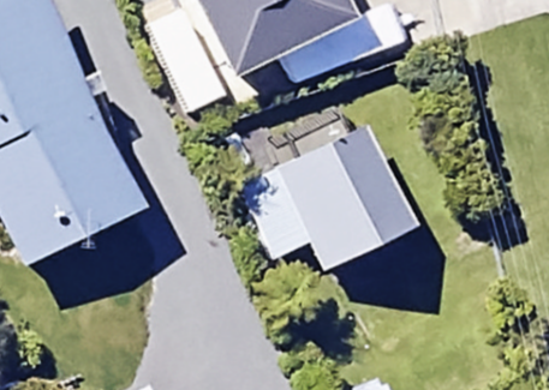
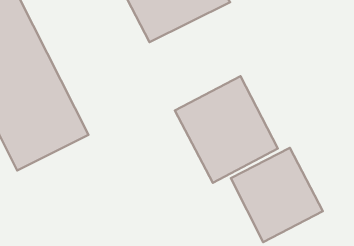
building: none -> [231,148,323,242]

